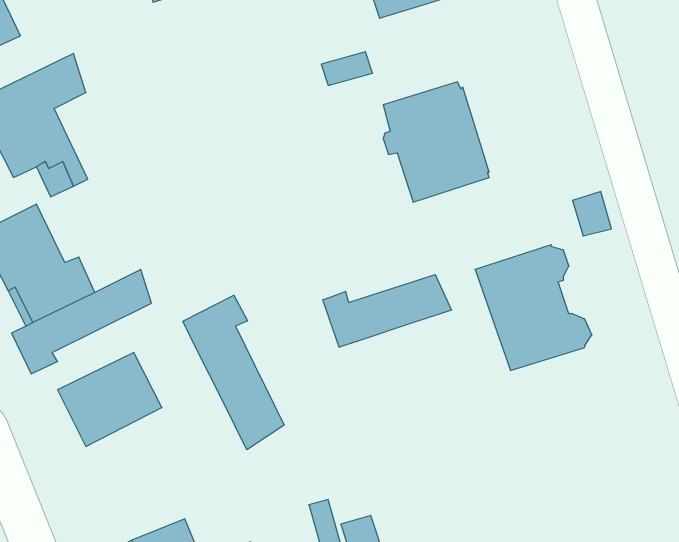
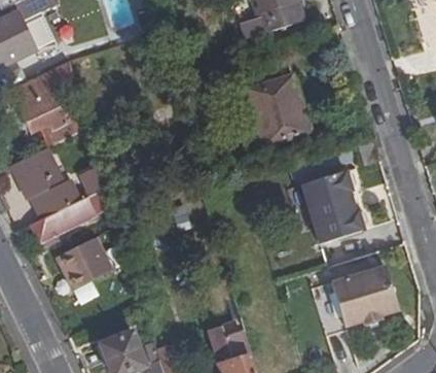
building: [323,275,452,347] -> none
building: [183,295,284,450] -> none
building: none -> [330,266,398,327]

